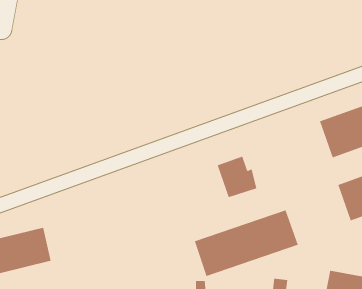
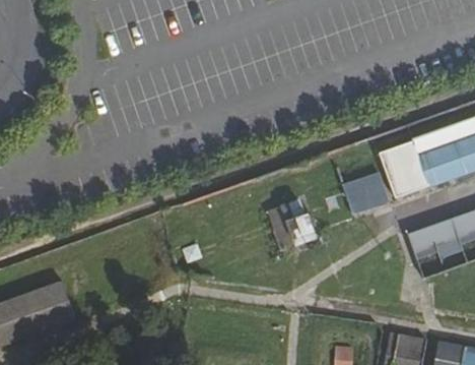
building: none -> [340,169,388,214]
building: [194,210,299,277] -> none

